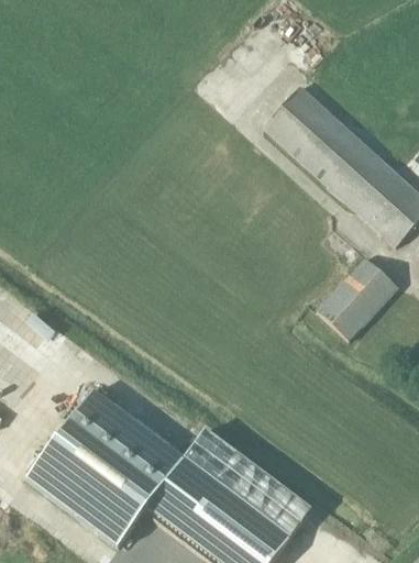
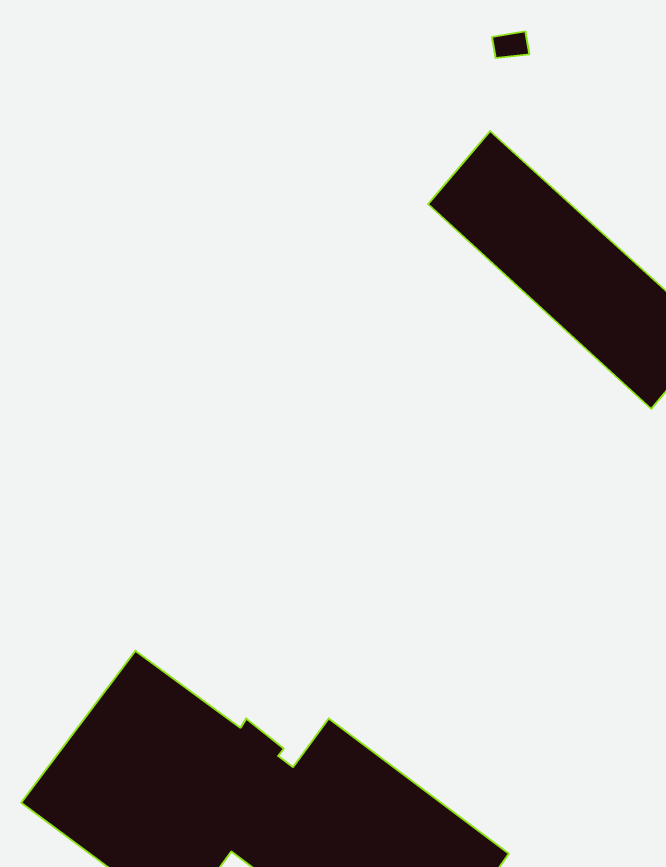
building: [317,243,398,341] -> none

